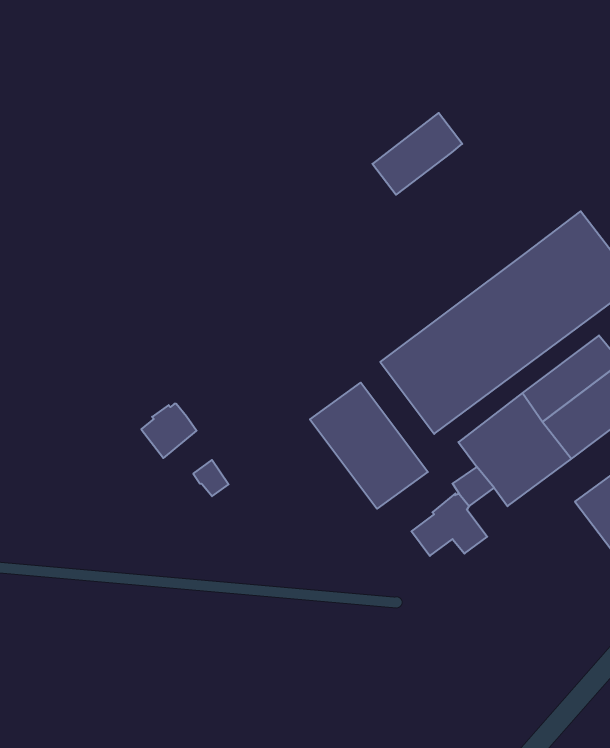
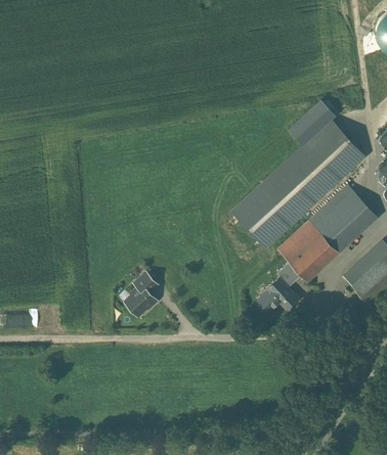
building: [372,113,462,195] -> [289,100,336,146]
building: [310,383,428,509] -> none
building: [141,404,197,458] -> [125,286,155,316]

